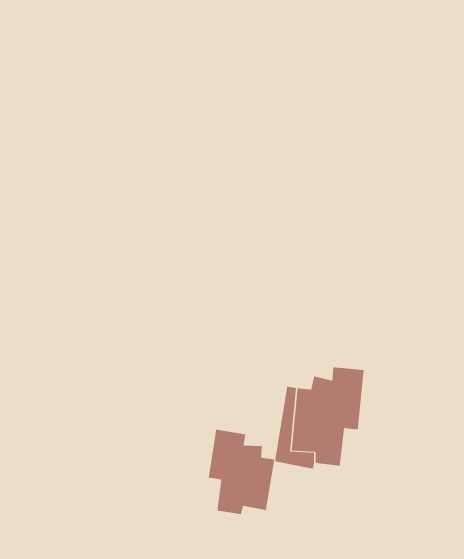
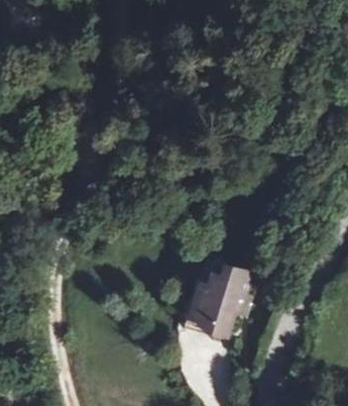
building: [208,429,275,515] -> none

